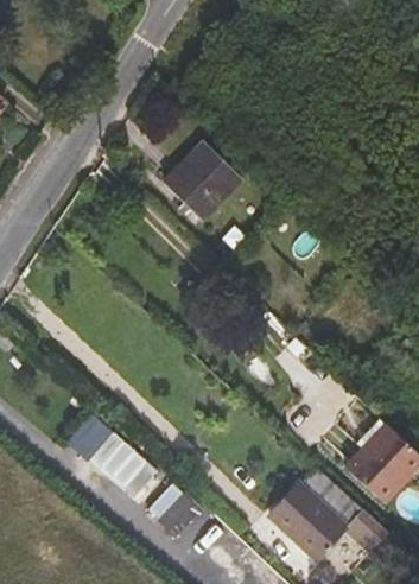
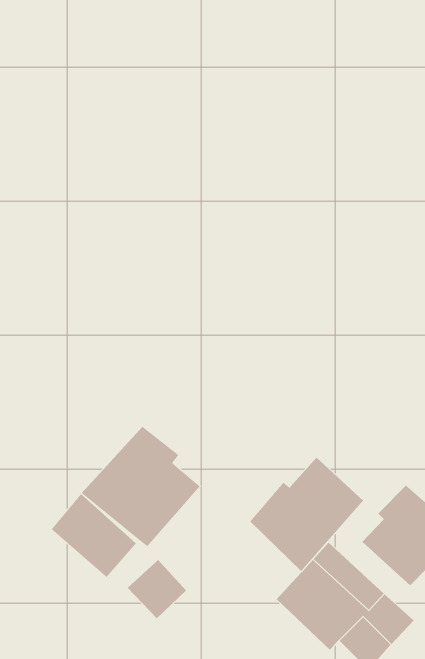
building: [161,140,241,220] -> none
building: none -> [81,426,200,547]
building: none -> [249,457,364,572]

